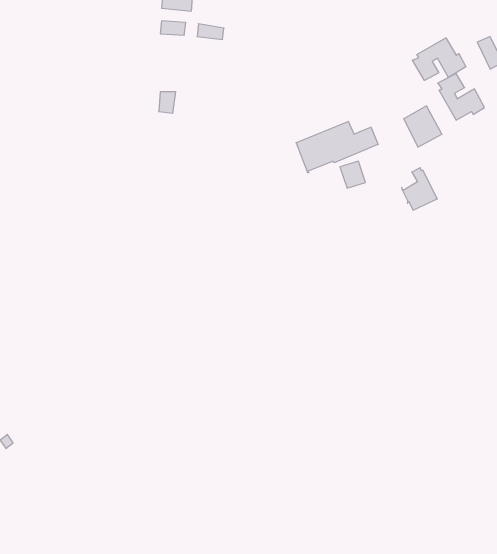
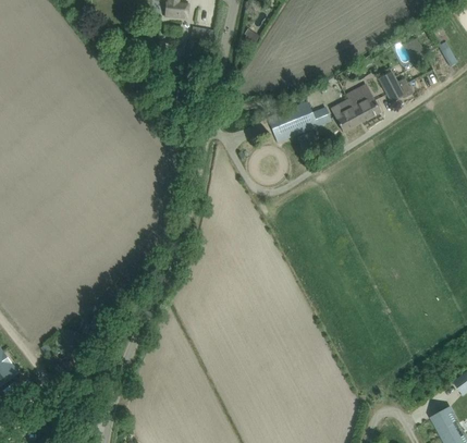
building: [412,38,466,80] -> none
building: [402,168,437,210] -> [333,97,360,130]

